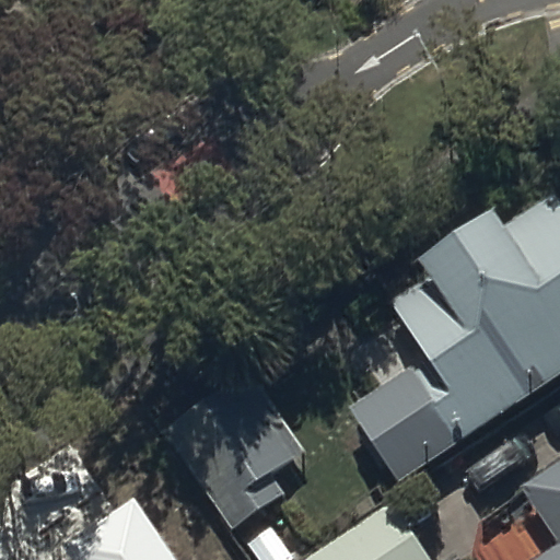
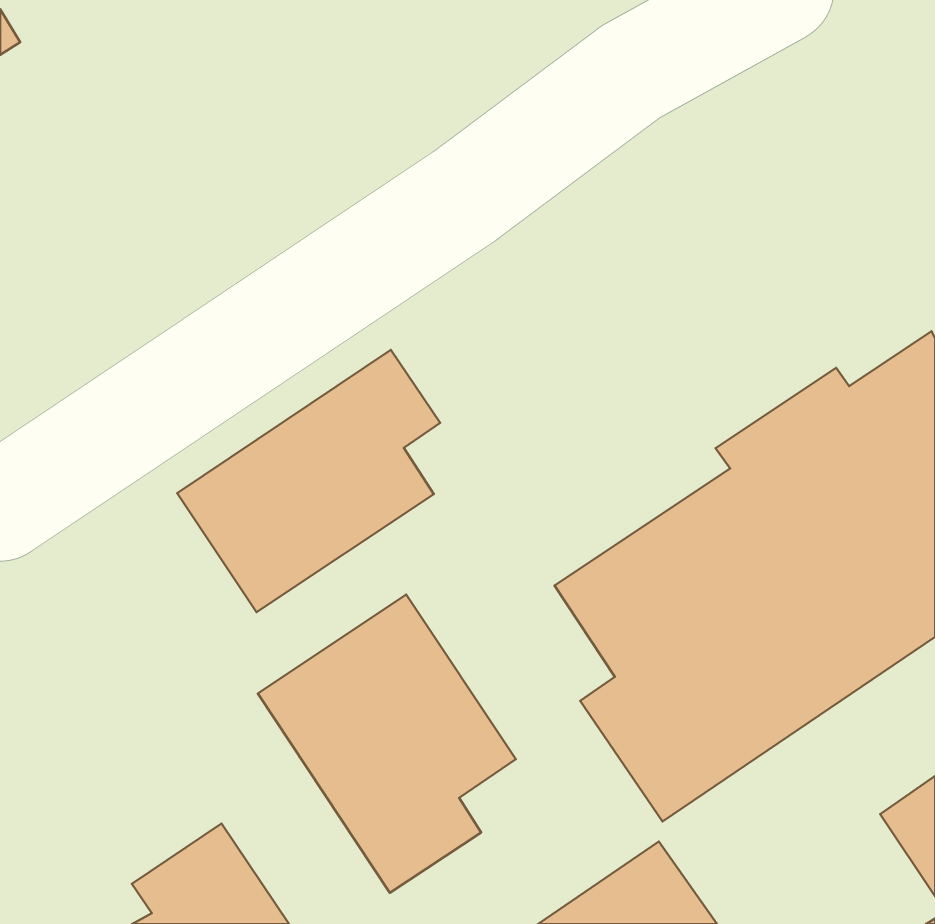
building: none -> [177,350,440,612]

